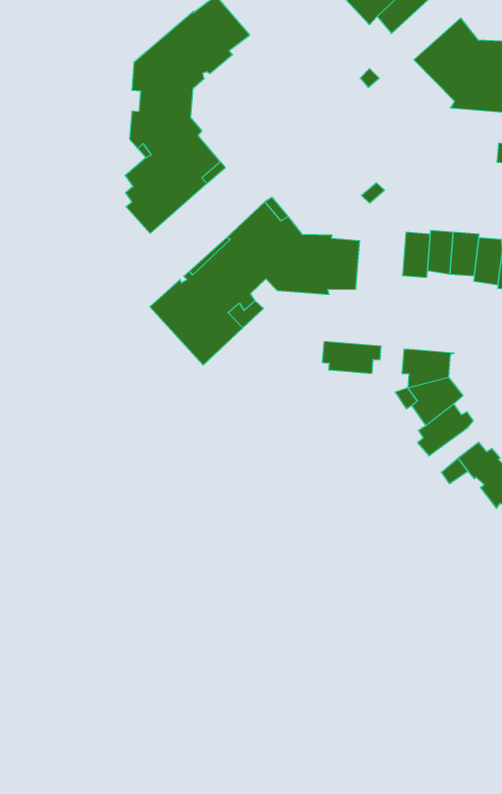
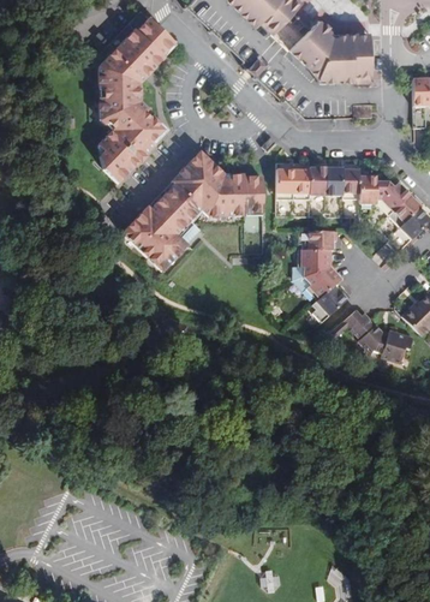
building: none -> [276,168,294,198]
building: [322,342,381,373] -> [299,230,339,249]

